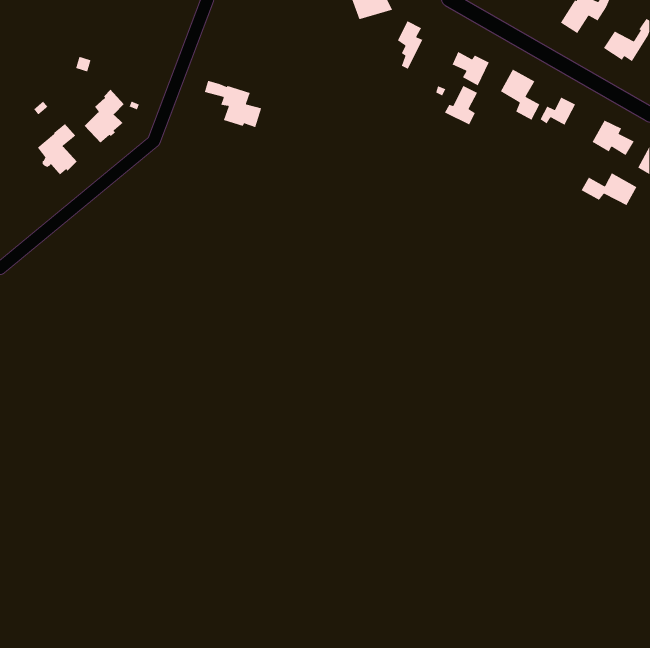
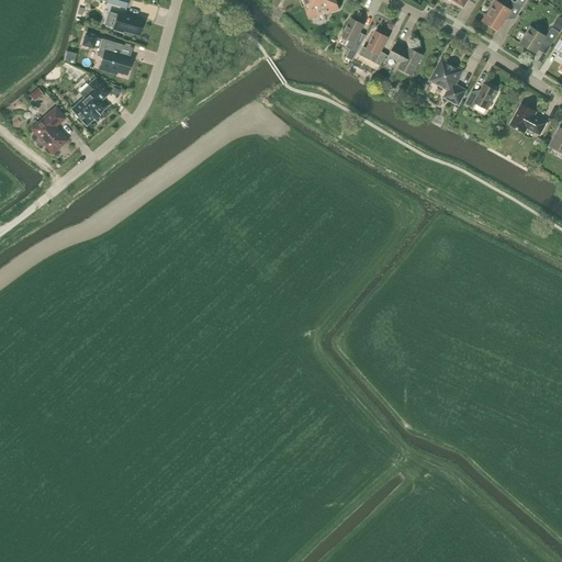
building: none -> [113,11,143,35]
building: [204,80,262,128] -> [82,33,133,75]
building: [444,85,478,125] -> [359,30,389,65]
building: [580,172,638,206] -> none

